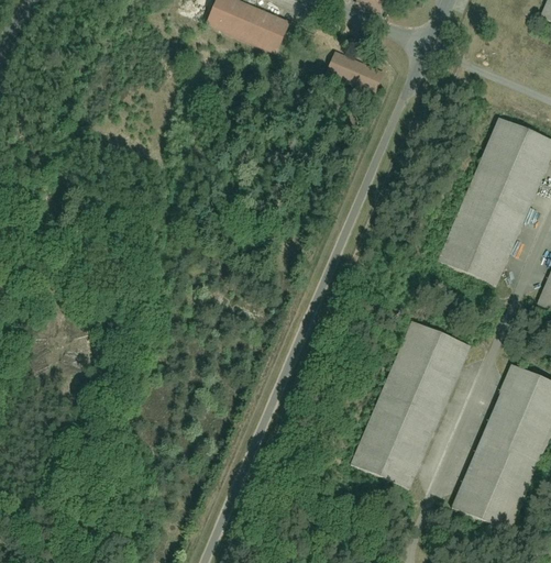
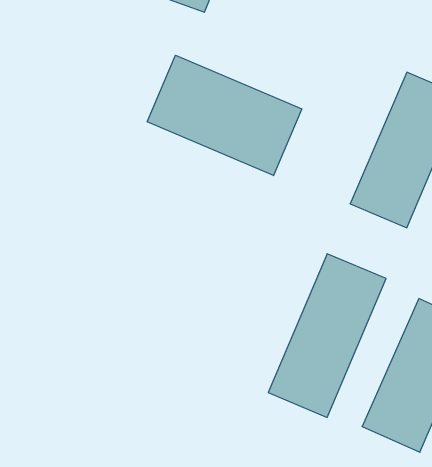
building: [326,44,373,86] -> none
building: none -> [147,55,302,176]

